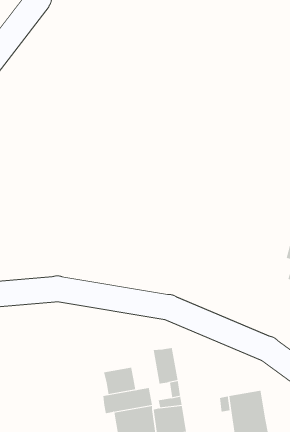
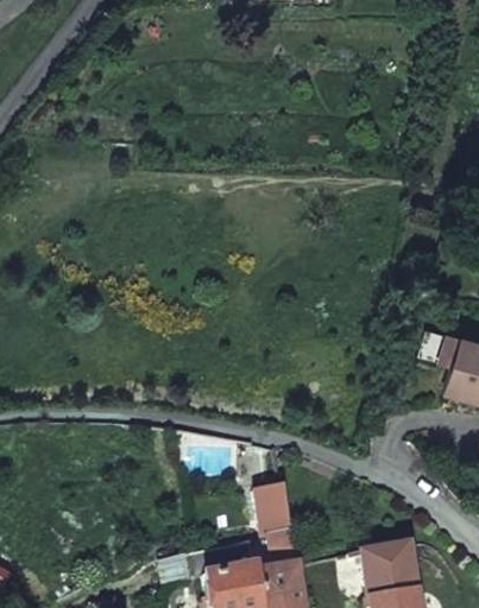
building: [103,367,136,395] -> none

